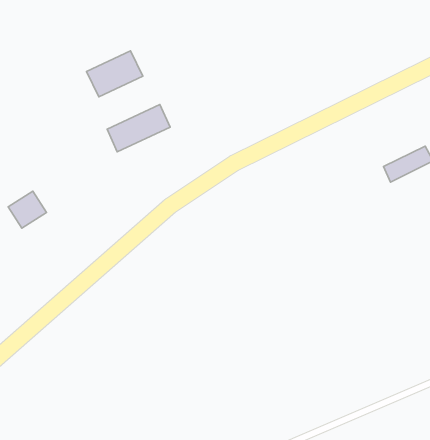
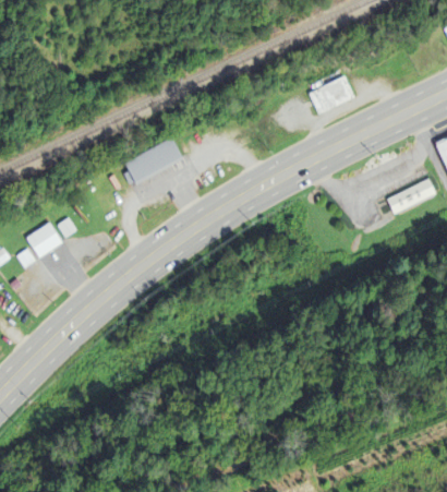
building: none -> [307,76,354,115]
building: [86,51,143,97] -> none

